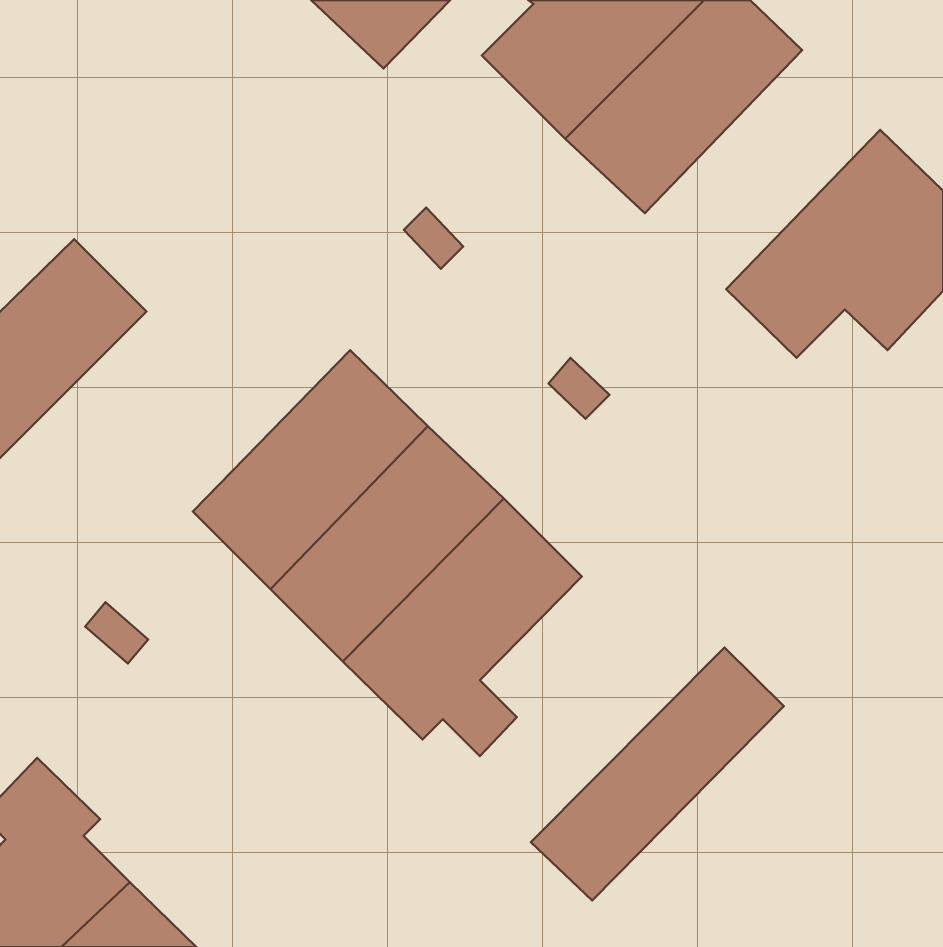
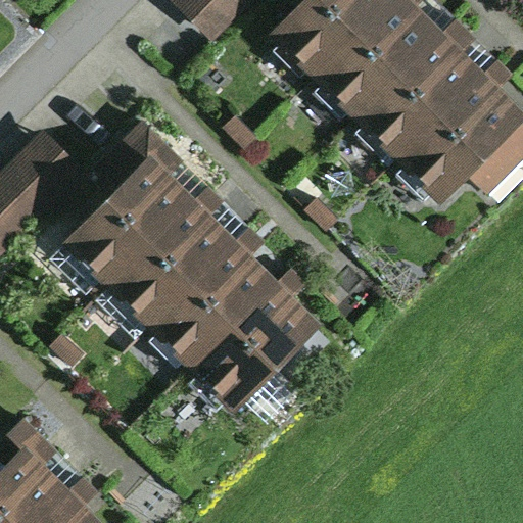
building: none -> [355,28,485,159]
building: none -> [61,118,193,282]
building: [531,648,784,900] -> none

